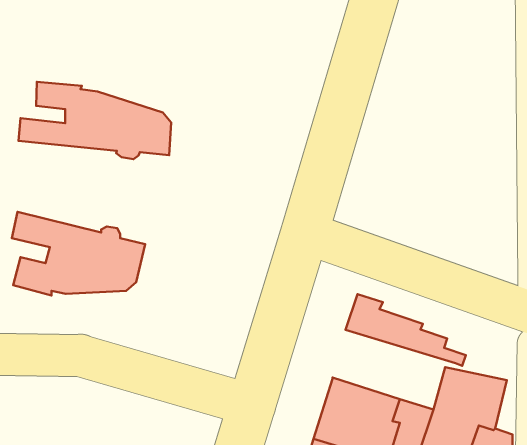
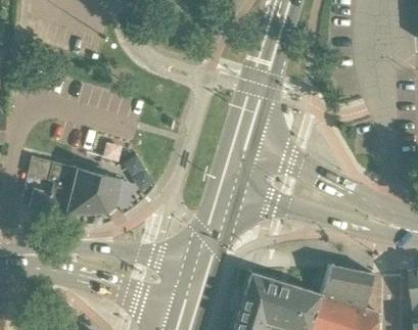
building: [19,82,171,159] -> none
building: [345,294,466,366] -> none

